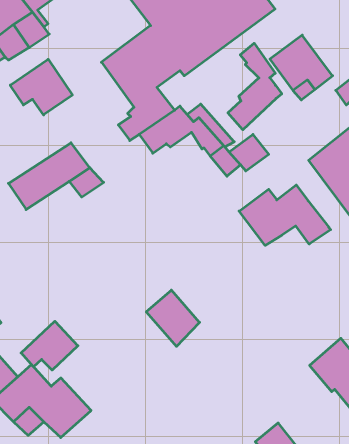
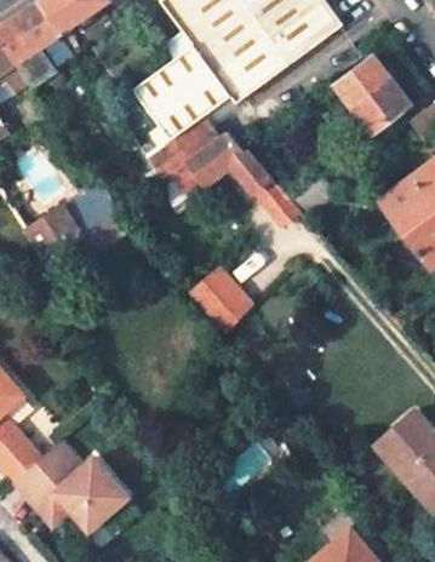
building: [228,43,282,130] -> none
building: [10,59,72,115] -> none
building: [239,185,331,245] -> none
building: [146,290,200,346] -> [188,262,250,327]
building: [21,321,78,370] -> none

